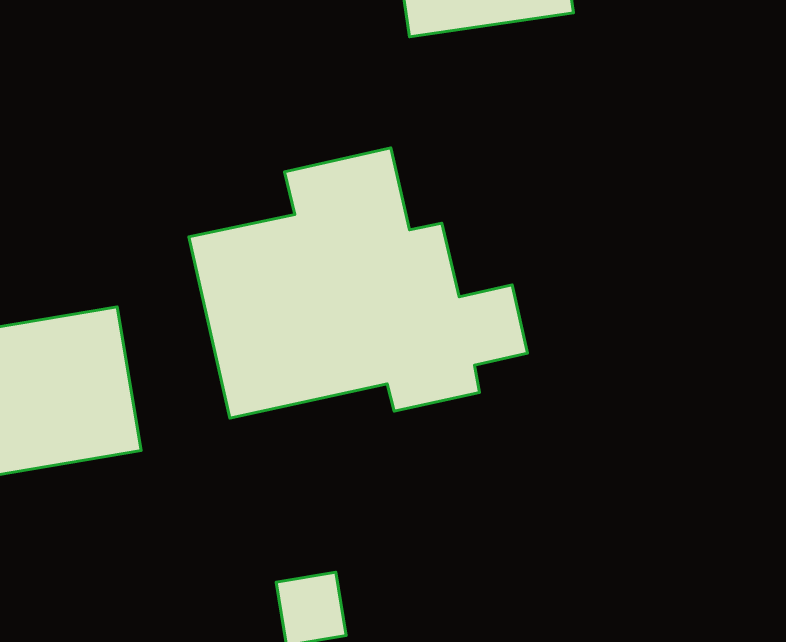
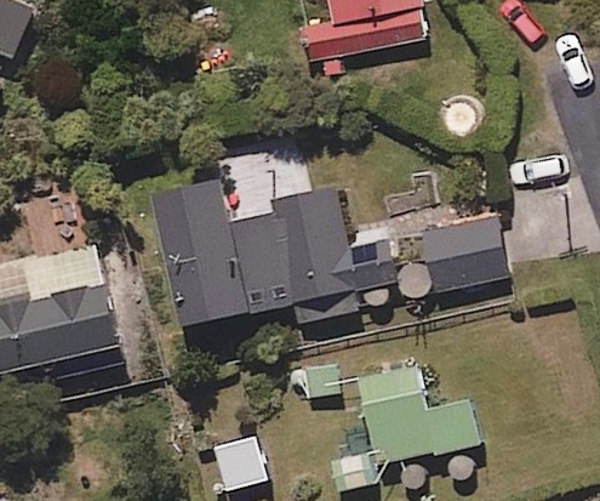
building: none -> [422,217,507,294]
building: none -> [359,368,475,462]

